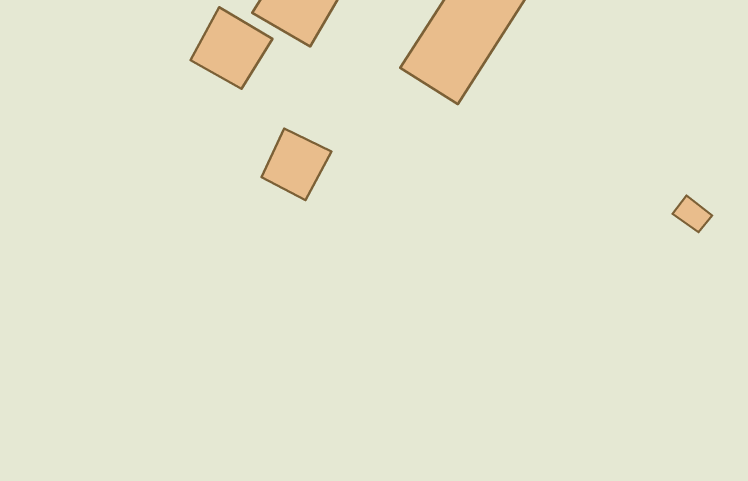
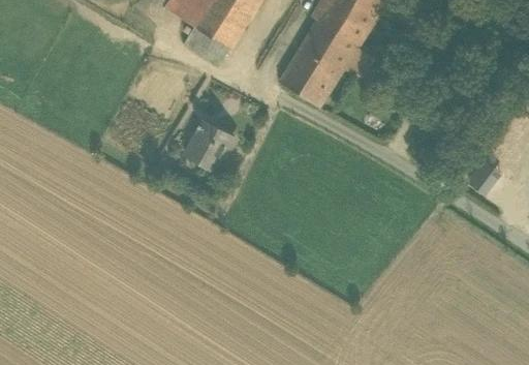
building: [191,7,272,89] -> none

